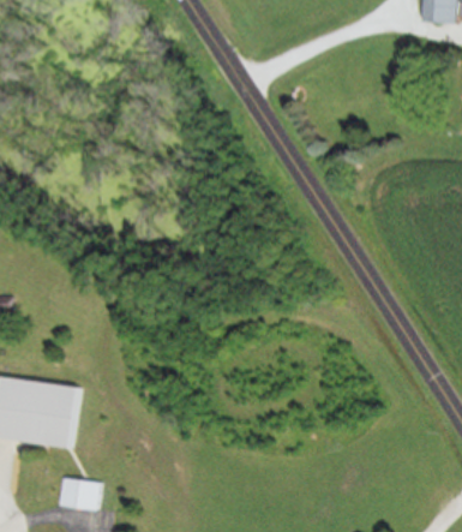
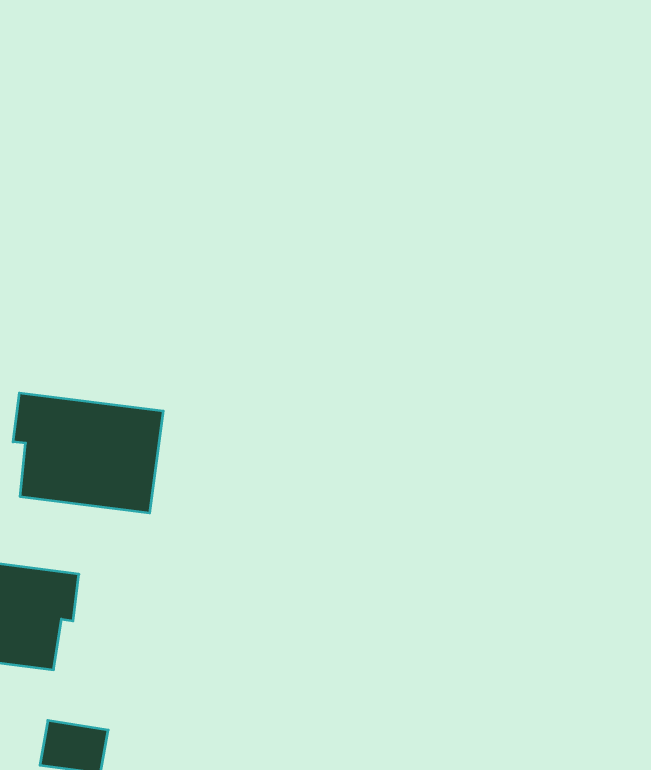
building: none -> [13,393,163,513]

